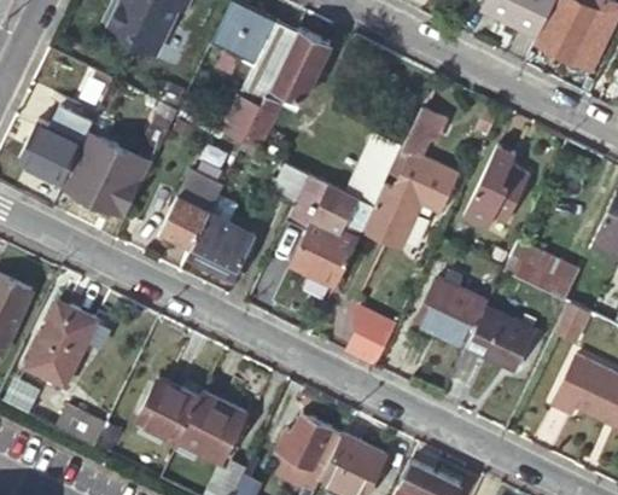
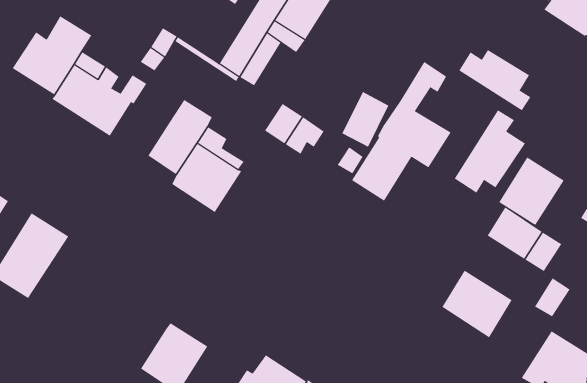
building: none -> [458,49,531,111]
building: none -> [499,156,564,225]
building: [292,217,358,286] -> none
building: [416,272,488,345] -> none
building: [346,301,396,366] -> none
building: [138,378,199,439] -> none

